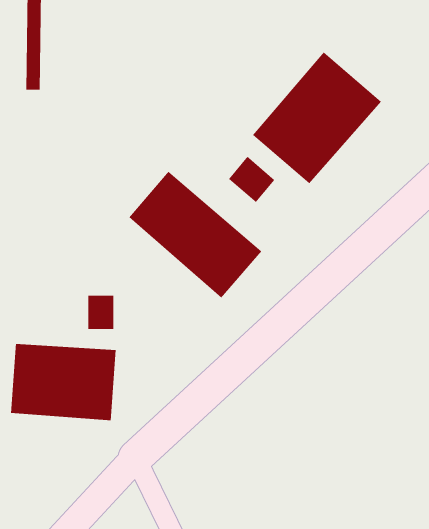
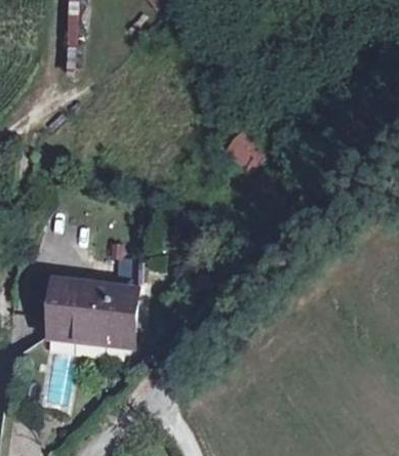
building: [252,51,382,184] -> none
building: [128,171,262,299] -> none

